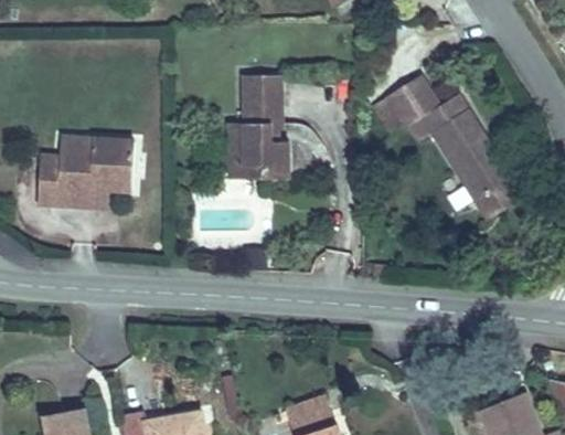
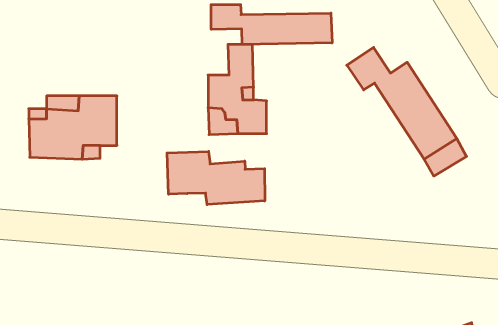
building: none -> [211,5,332,44]
building: none -> [167,151,265,205]

